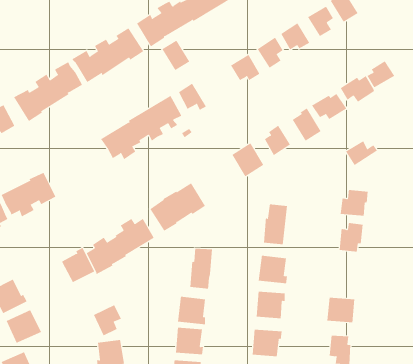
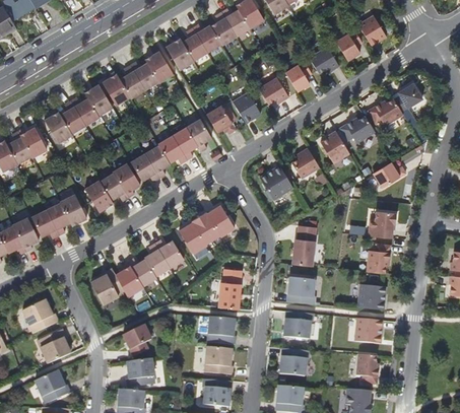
building: [161,40,190,71] -> [233,92,261,123]
building: none -> [84,162,140,211]
building: none -> [357,284,386,309]

